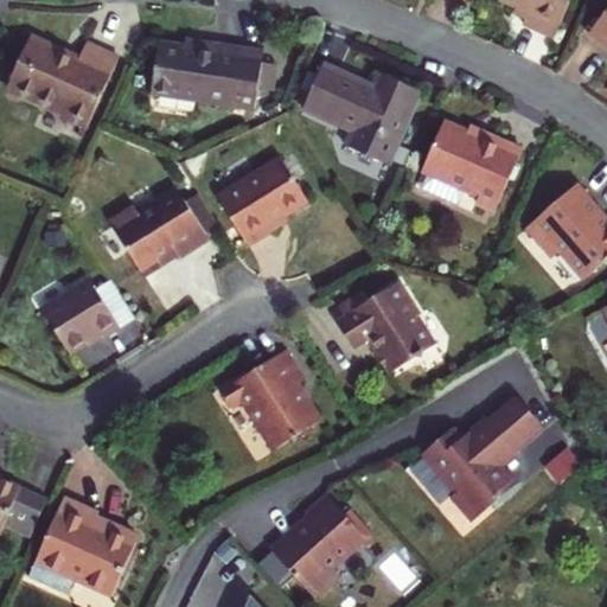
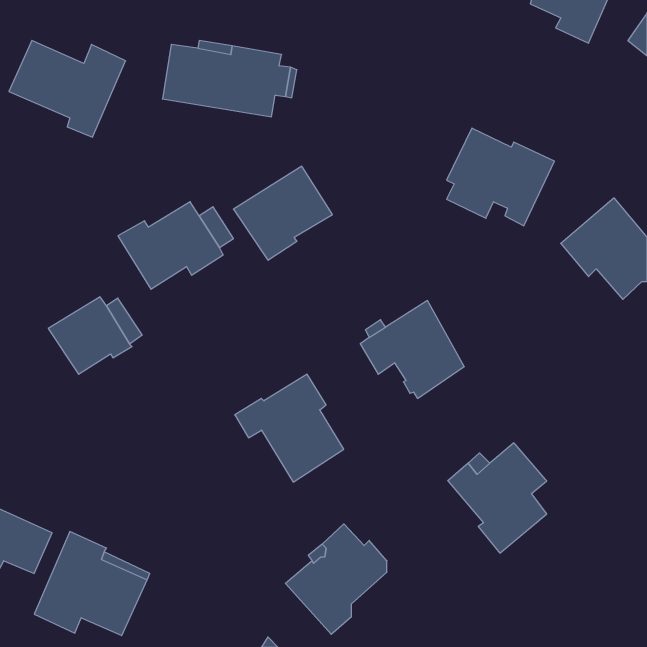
building: [302,60,421,165] -> none
building: [481,391,538,448] -> none

